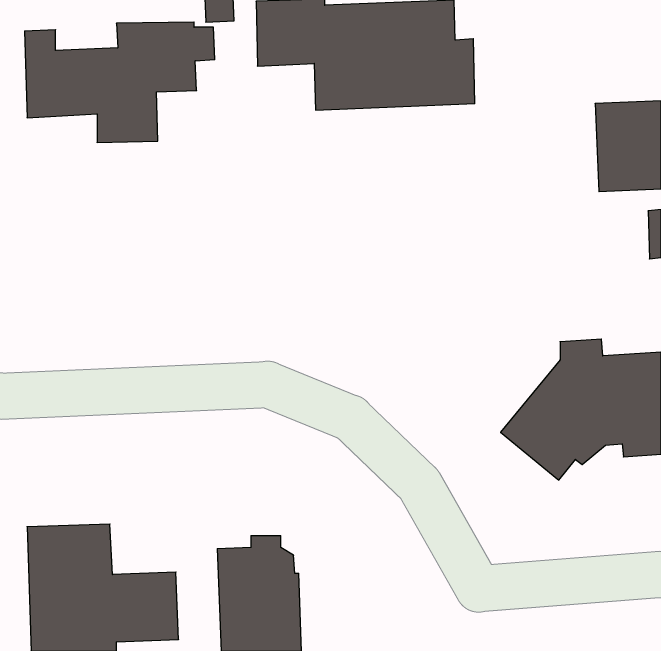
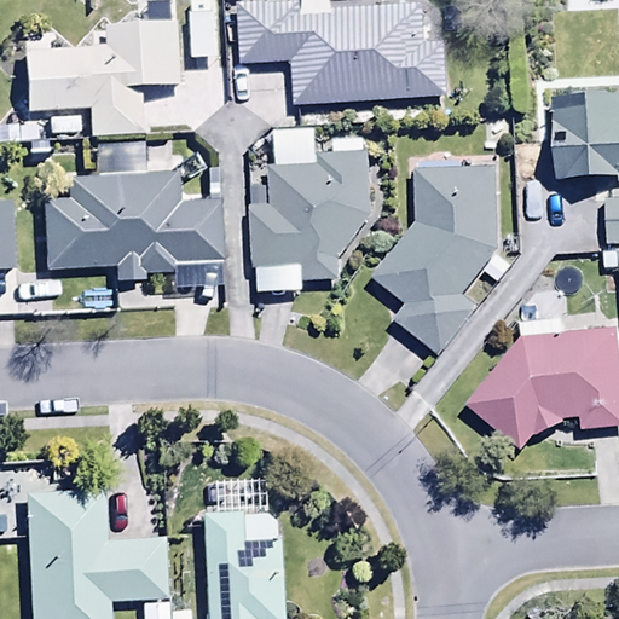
building: none -> [250,137,374,278]
building: none -> [371,166,498,358]
building: none -> [44,170,220,279]

